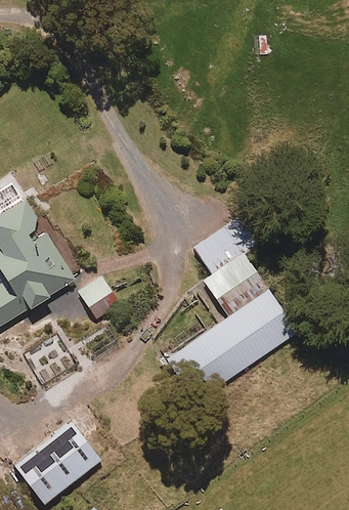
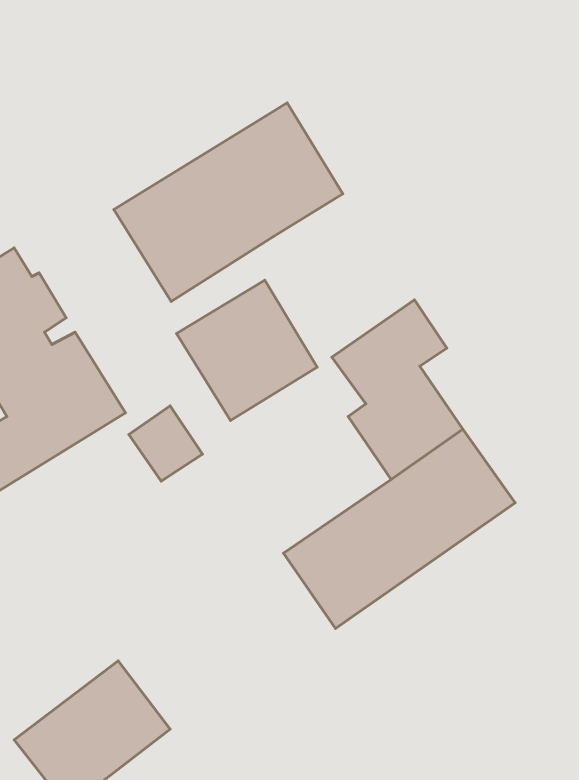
building: none -> [114,103,343,302]
building: none -> [176,280,317,421]

